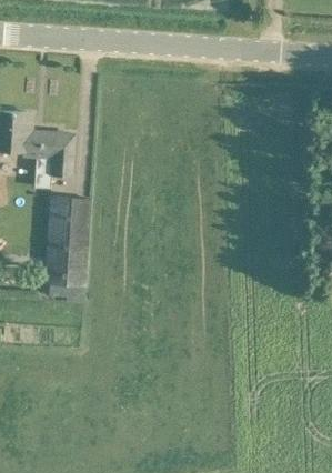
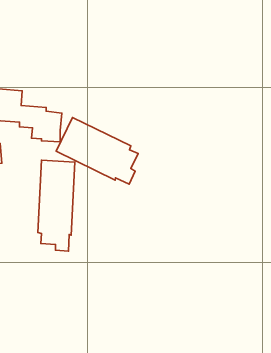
building: none -> [56,117,138,184]

